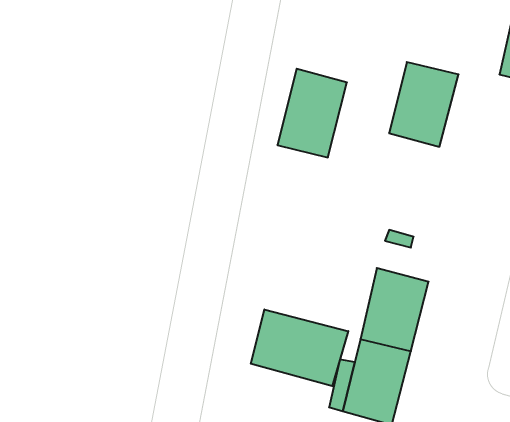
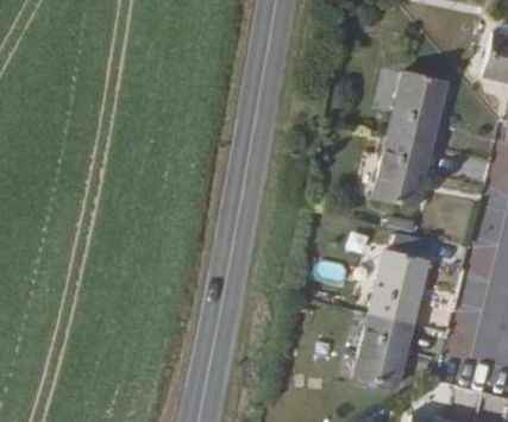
building: [277,69,347,157] -> [376,131,437,208]
building: [251,309,348,386] -> none

